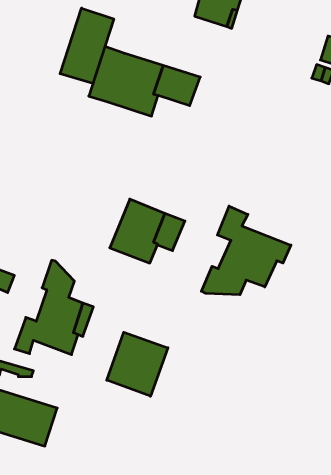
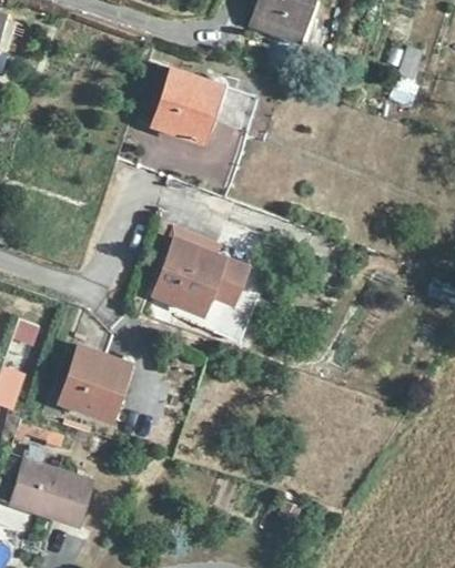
building: [60,8,114,84] -> none
building: [201,206,291,295] -> none
building: [107,332,168,396] -> none

